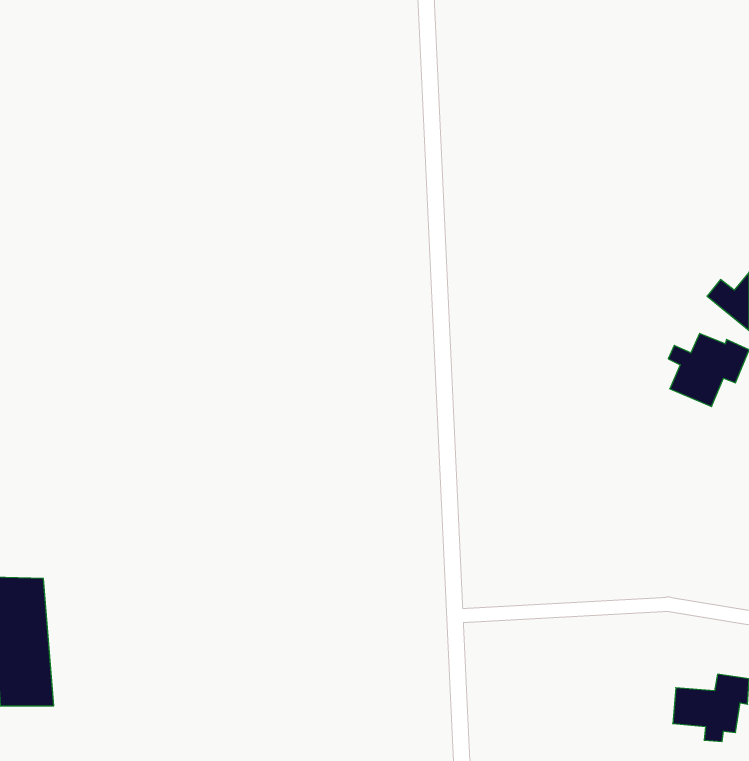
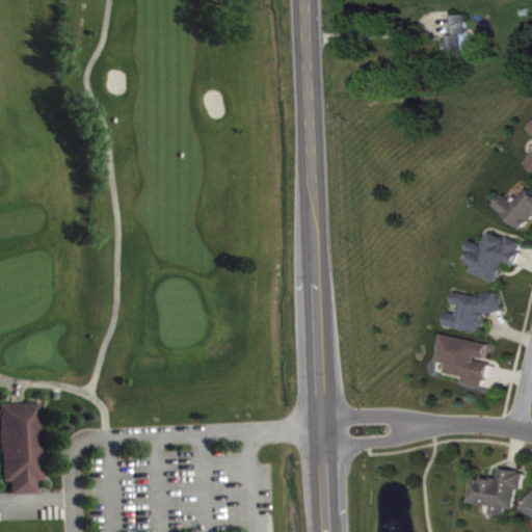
building: none -> [443,15,474,56]
building: none -> [442,291,499,332]
building: none -> [434,335,487,389]

